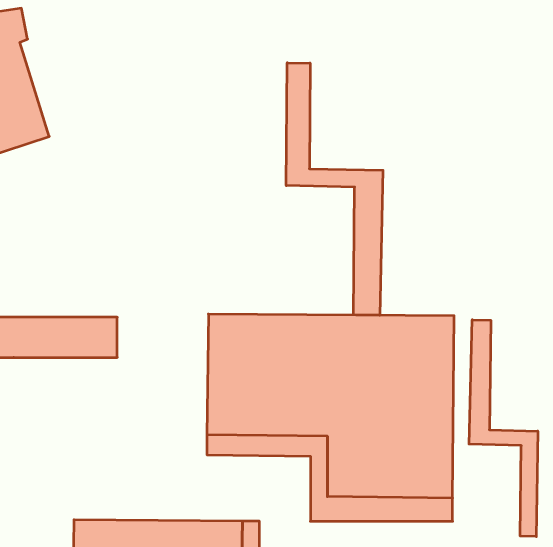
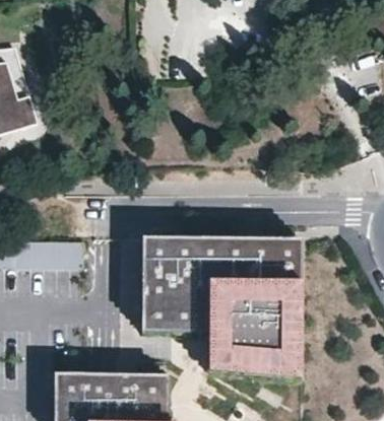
building: [286,63,383,315] -> none
building: [469,320,538,537] -> none

